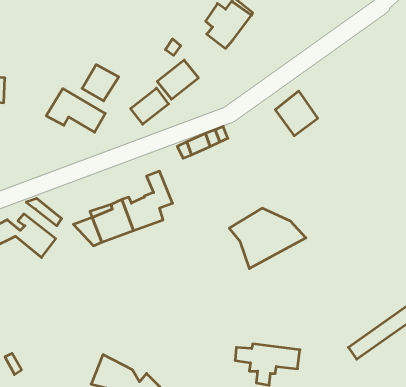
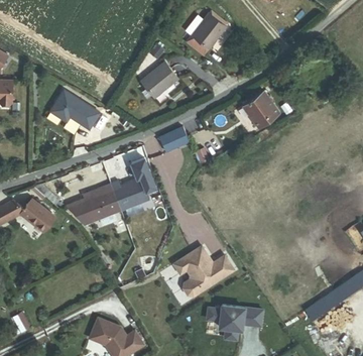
building: [82,65,119,101] -> none
building: [131,88,169,124] -> none
building: [229,208,306,269] -> [171,246,237,298]

